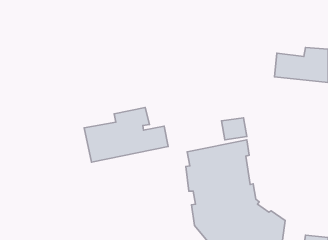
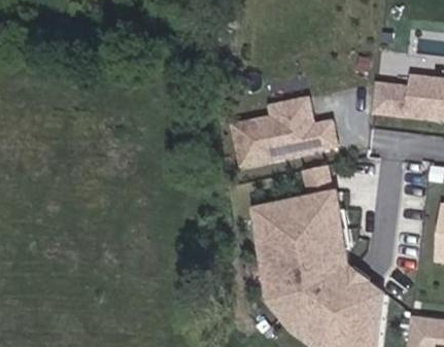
building: [84,107,168,162] -> [230,96,336,165]

